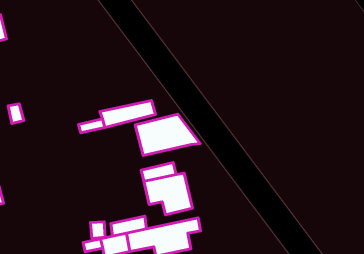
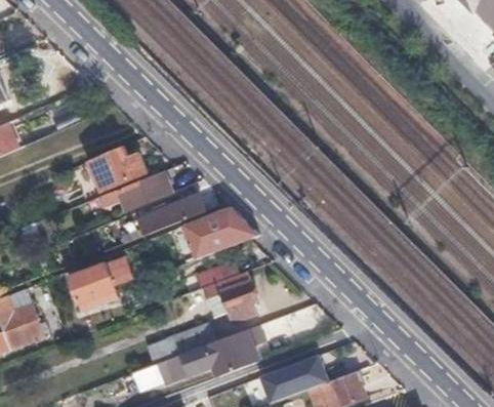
building: none -> [90,145,148,190]
building: none -> [99,172,171,209]
building: none -> [70,255,131,310]

